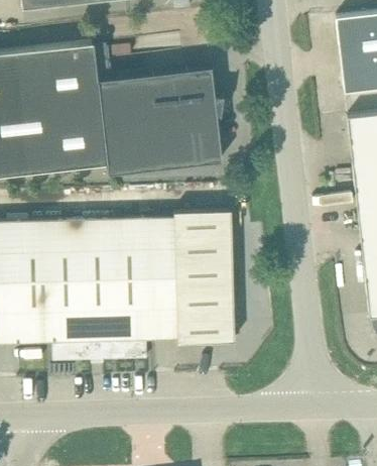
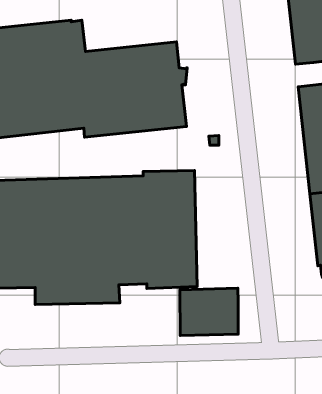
building: none -> [180,288,238,336]

